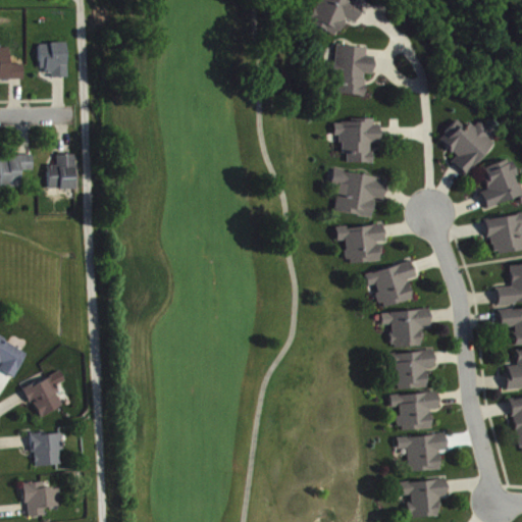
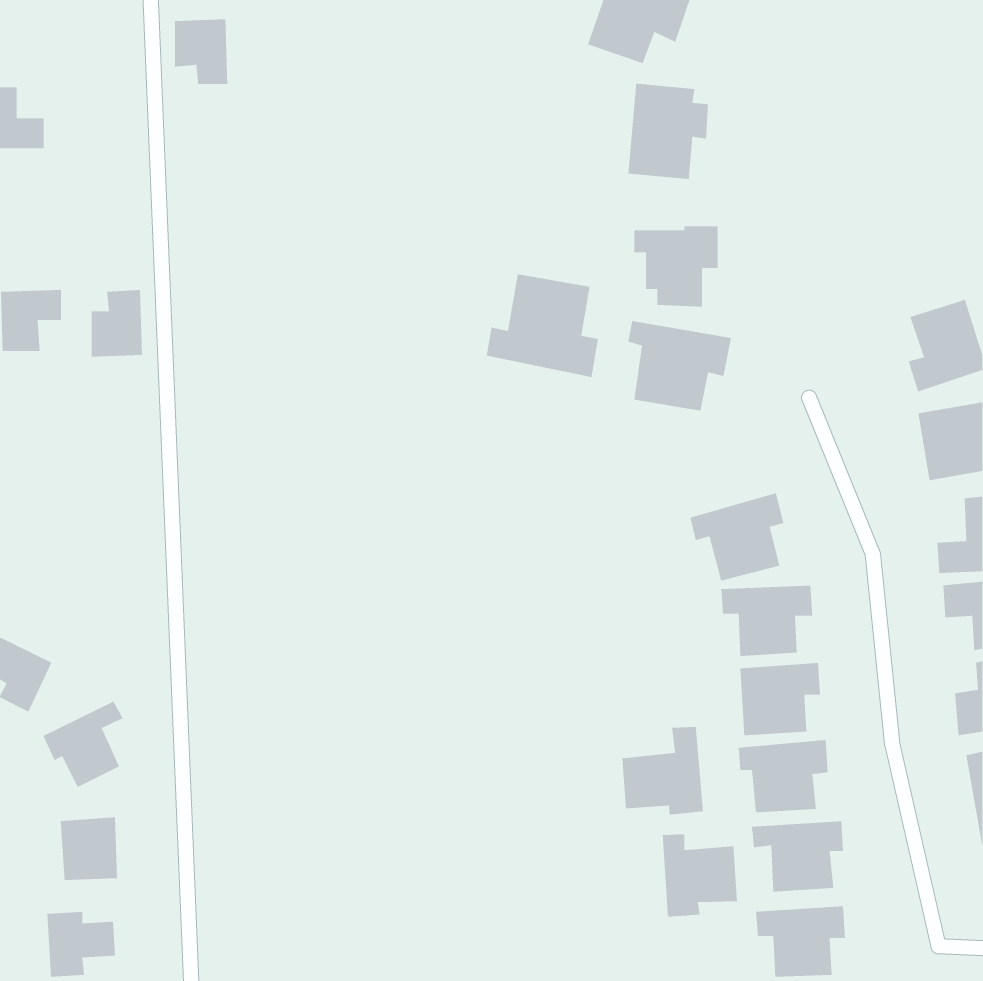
building: [39,42,67,76] -> [174,19,228,84]
building: [438,118,497,173] -> none
building: none -> [486,274,598,378]
building: [335,223,383,263] -> none
building: none -> [622,726,703,815]
building: none -> [662,834,738,917]

